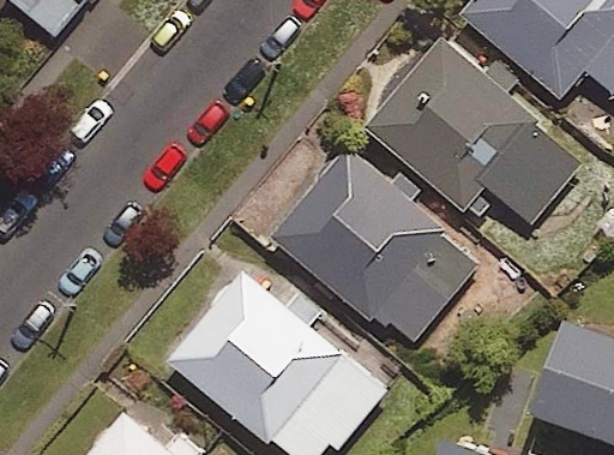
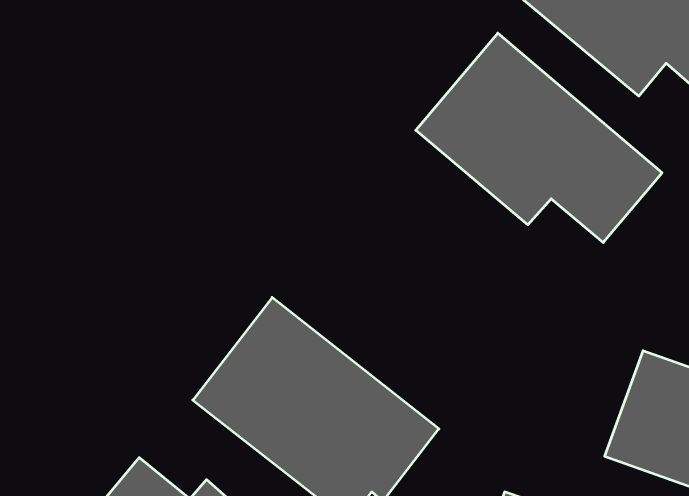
building: [271,150,480,329] -> none

